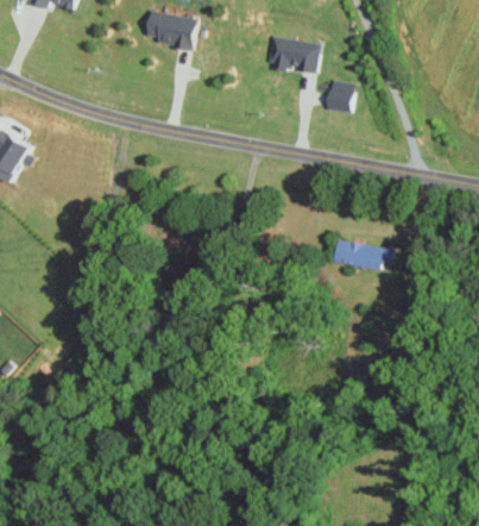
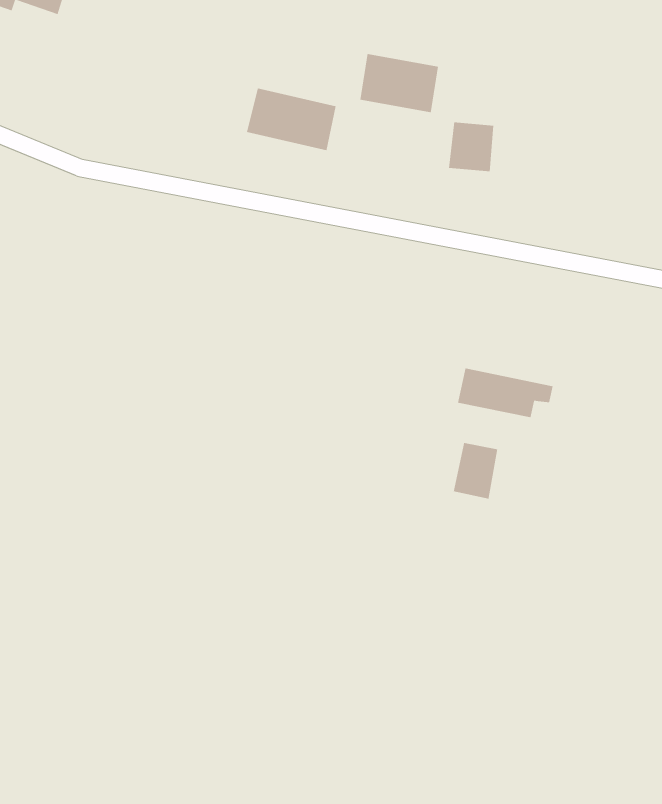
building: [141,8,200,49] -> [246,88,337,151]
building: none -> [453,442,498,499]

